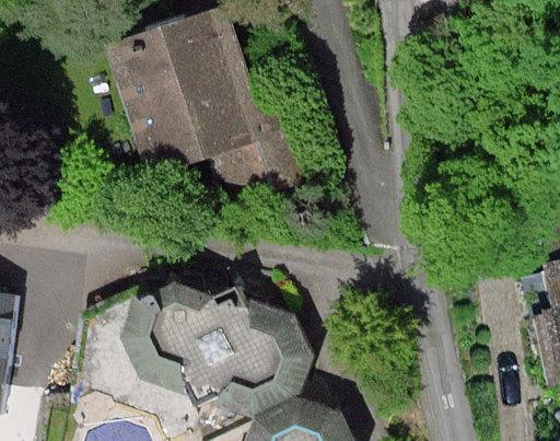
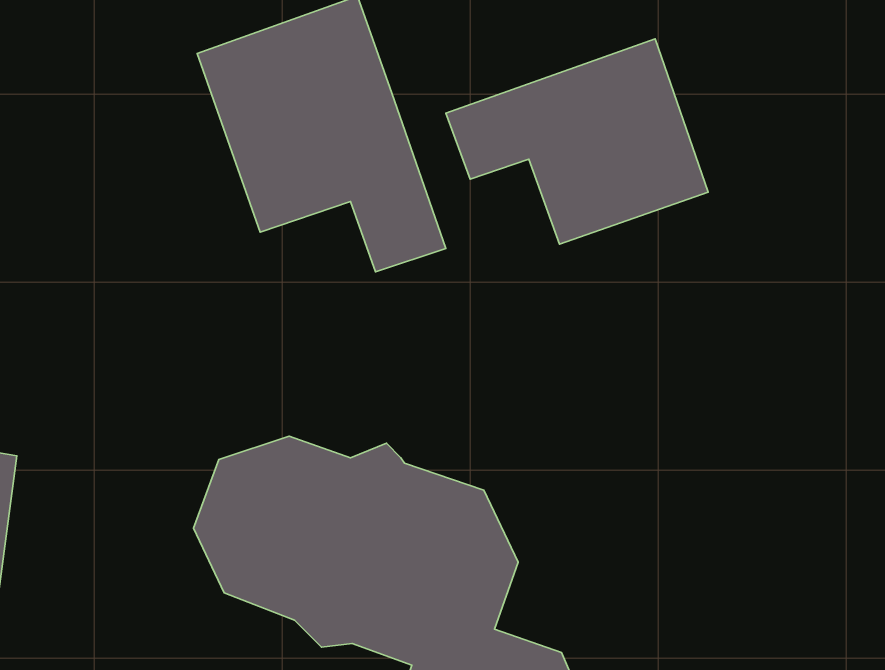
building: none -> [446,39,708,244]

